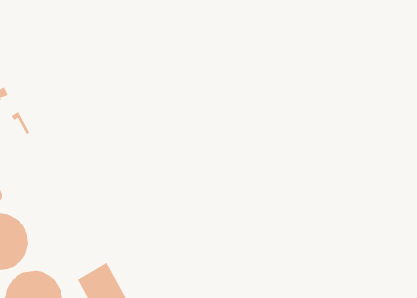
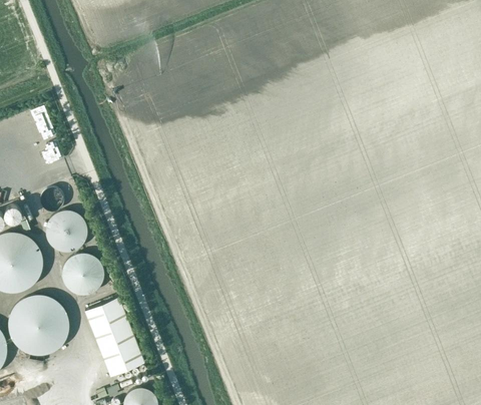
building: none -> [46,212,86,251]
building: none -> [62,254,102,294]

